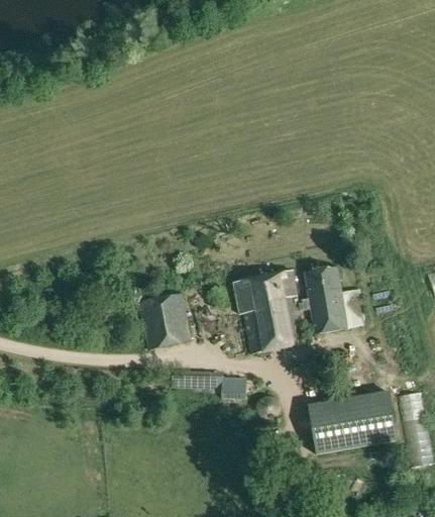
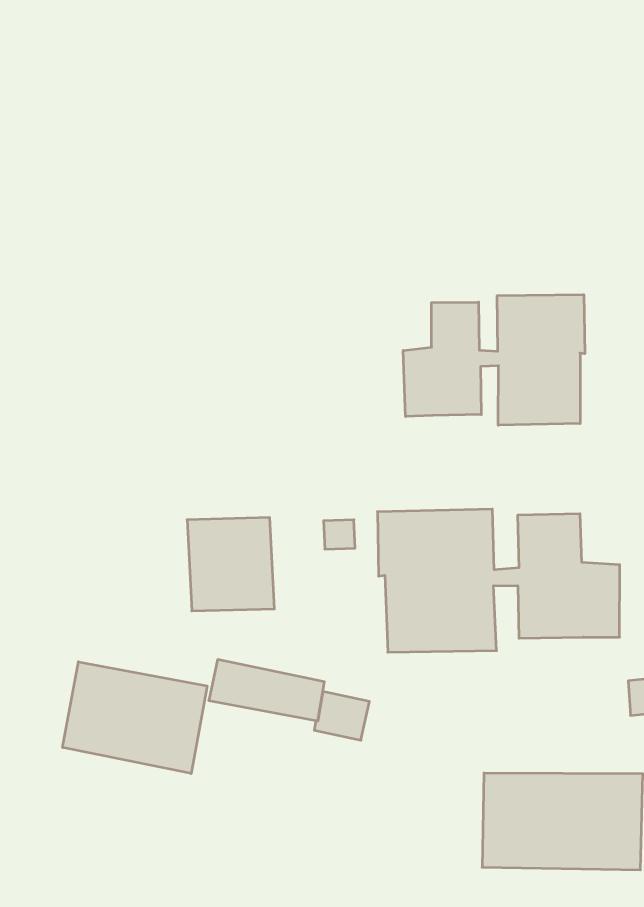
building: none -> [403,295,585,425]
building: none -> [63,662,207,774]

